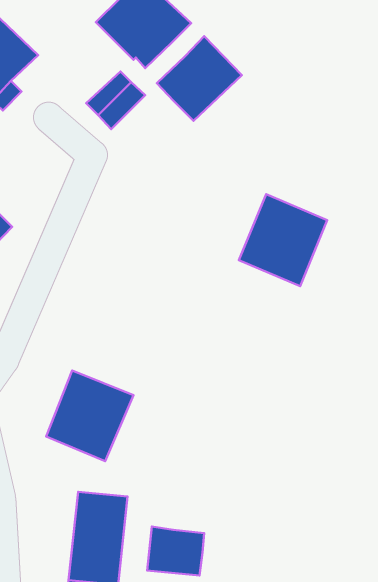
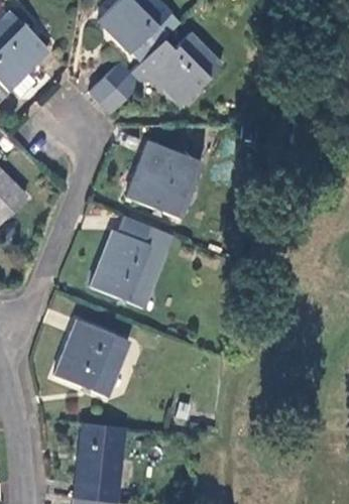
building: none -> [128,37,174,92]
building: [239,194,327,286] -> [127,140,203,219]
building: none -> [91,215,173,306]
building: [147,527,204,576] -> none

